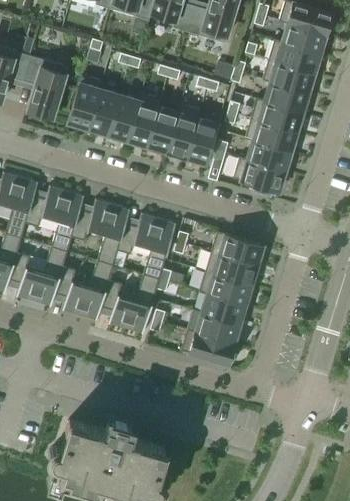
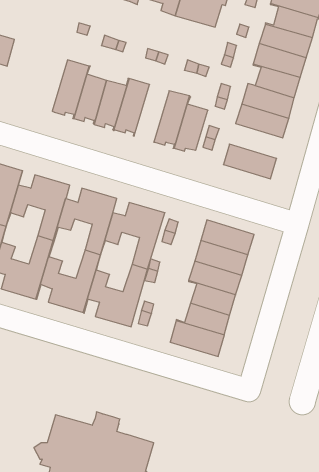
building: [23,55,69,119] -> none
building: [147,99,181,155] -> none
building: [240,137,292,171] -> none

